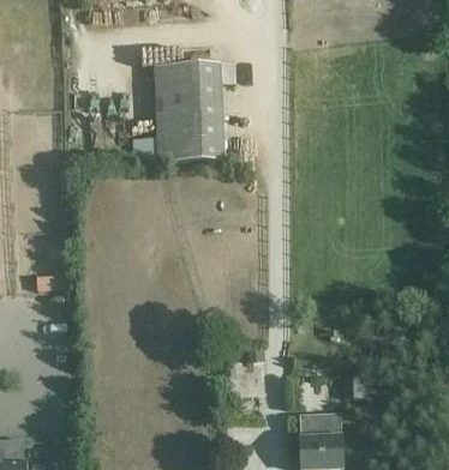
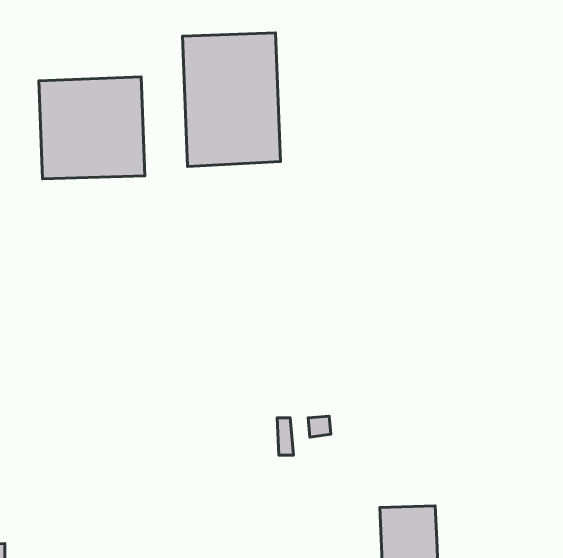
building: none -> [39,77,145,179]

